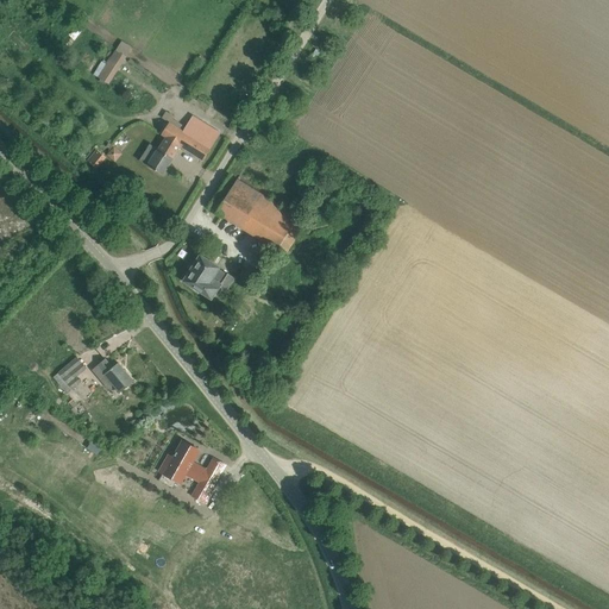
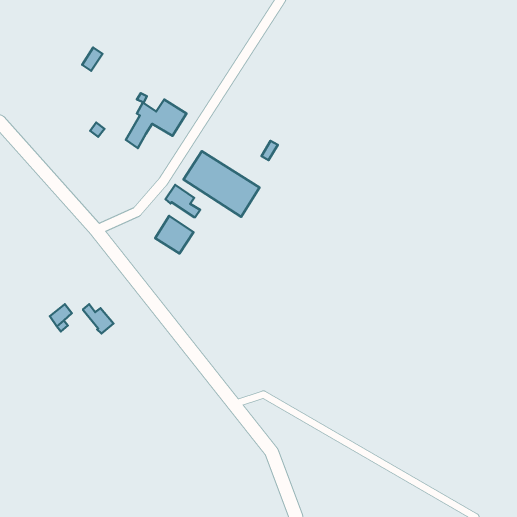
building: none -> [165,185,200,217]
building: [158,440,225,503] -> none

